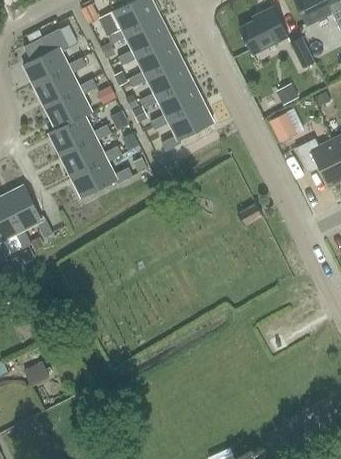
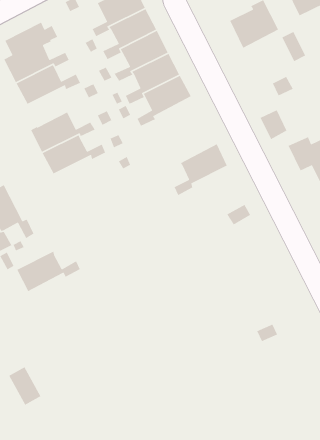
building: [46,90,92,129] -> none
building: [162,100,214,151] -> [174,143,228,196]
building: [71,157,133,197] -> [16,251,81,292]

